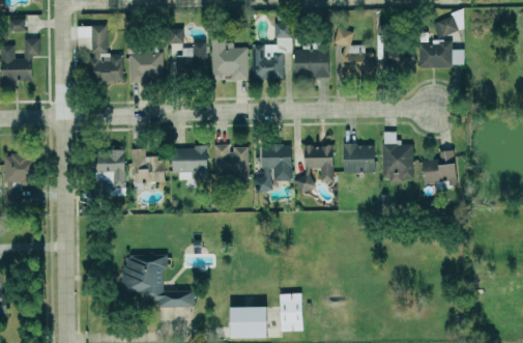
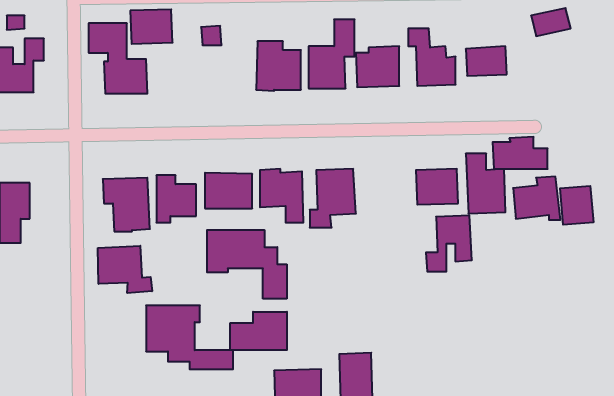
building: [419,40,464,66] -> [493,137,548,169]
building: [176,41,207,77] -> none
building: [130,53,165,81] -> [130,9,173,44]
building: [297,145,335,191] -> [426,215,472,272]
building: none -> [560,186,593,225]
building: none -> [207,230,287,299]
building: none -> [98,246,152,293]
building: none -> [230,312,287,350]

